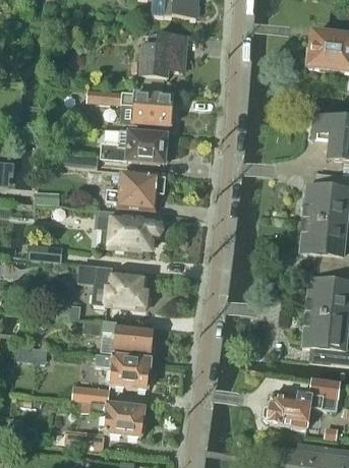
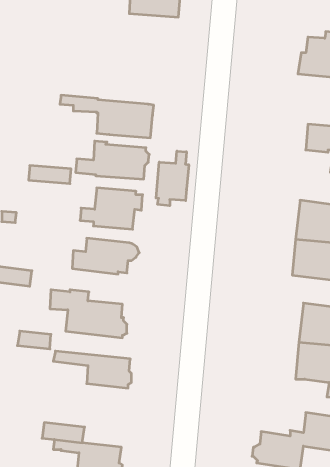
building: [140,32,197,77] -> none
building: none -> [156,151,189,206]
building: [96,354,152,389] -> none

